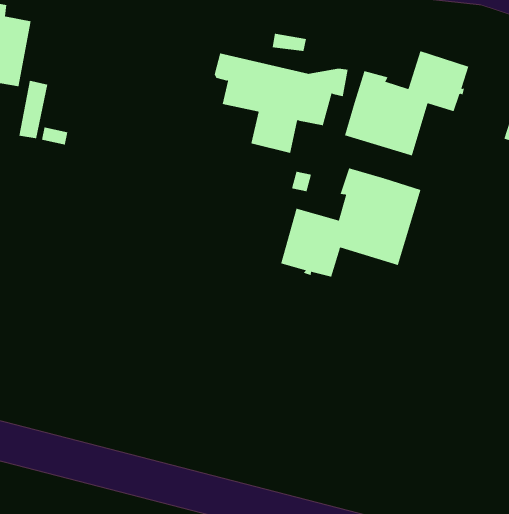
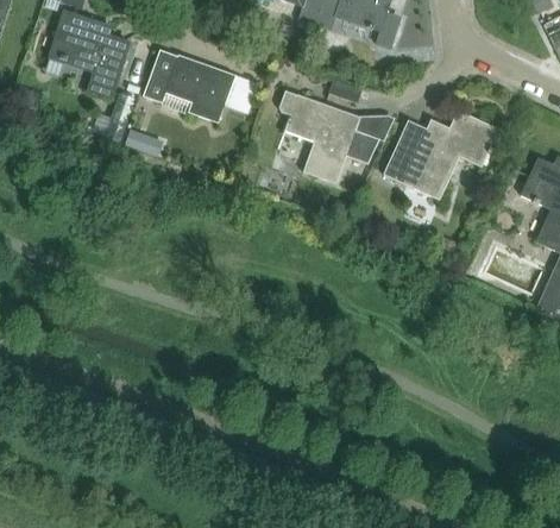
building: none -> [144,49,235,121]
building: [280,168,421,277] -> none

